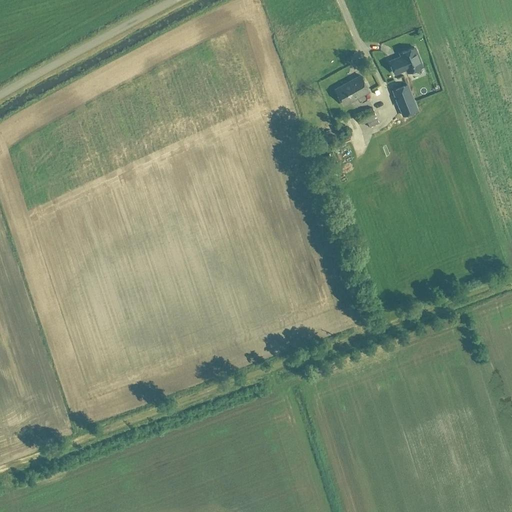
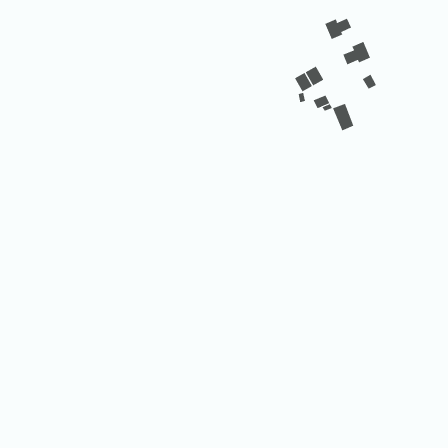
building: none -> [325,18,352,40]
building: [392,85,417,117] -> [332,103,354,131]

